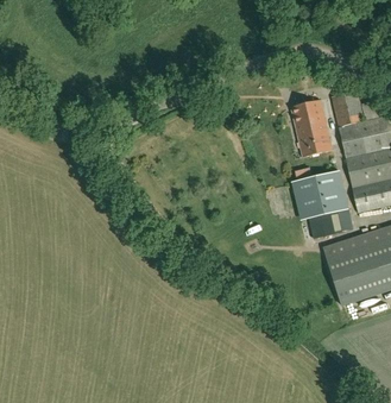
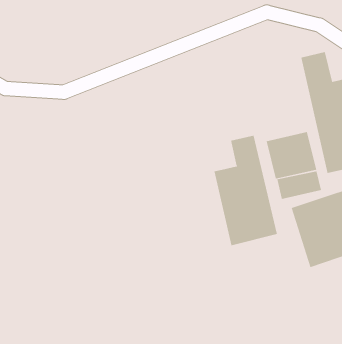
building: [291,100,332,157] -> none
building: none -> [214,135,277,246]

